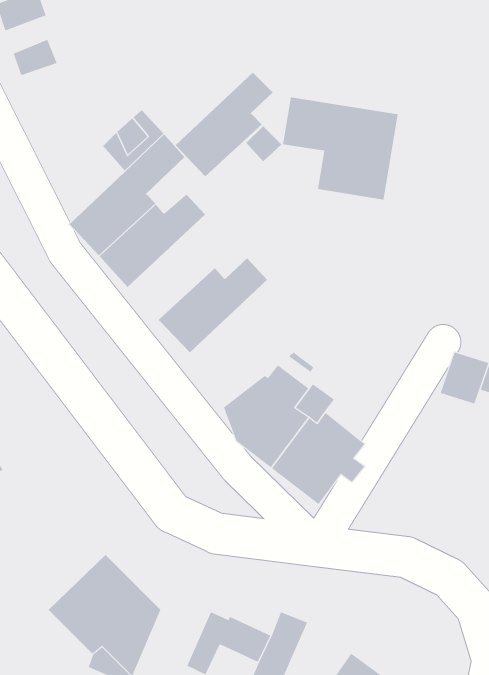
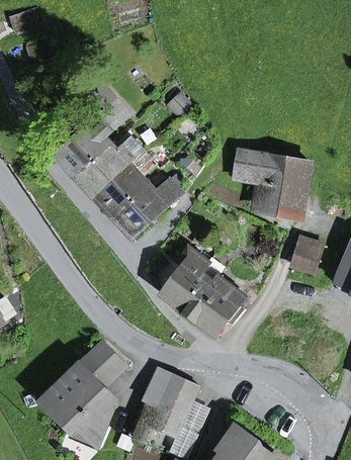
building: [175,72,274,177] -> [92,152,155,218]
building: [282,97,398,200] -> [233,151,306,216]
building: none -> [78,345,122,389]
building: none -> [145,372,196,419]

